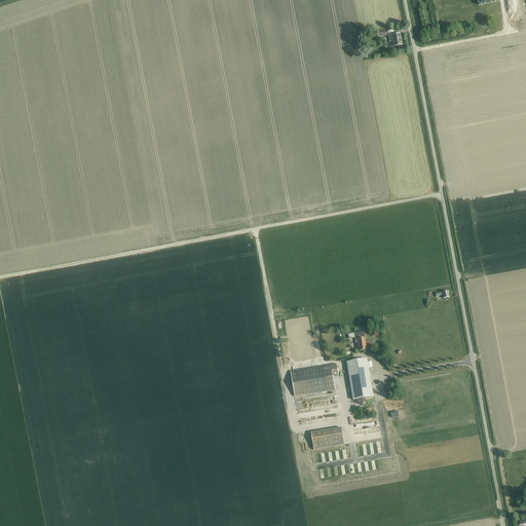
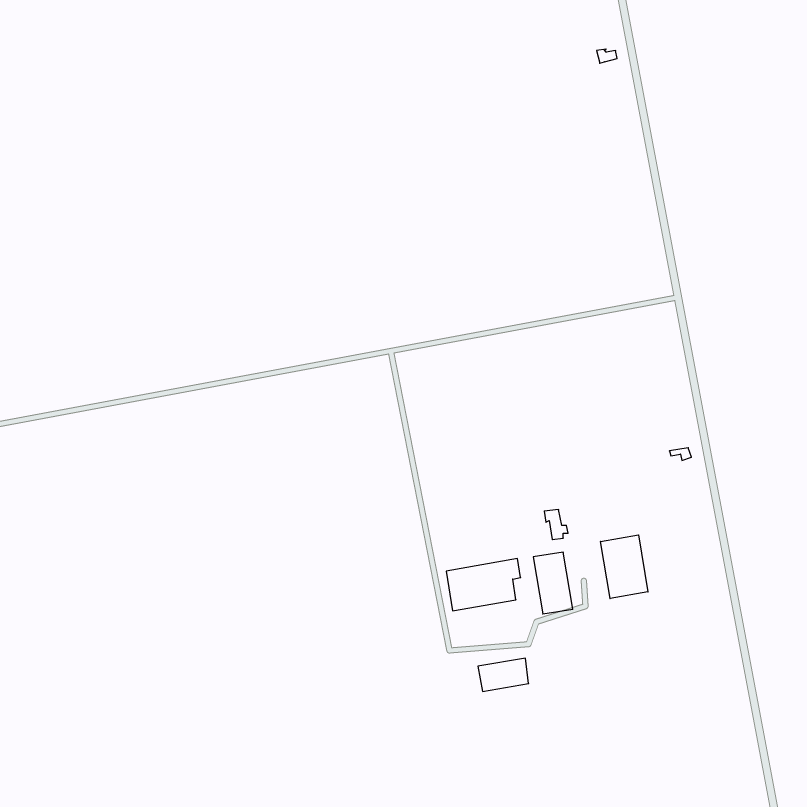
building: none -> [601,535,648,599]

